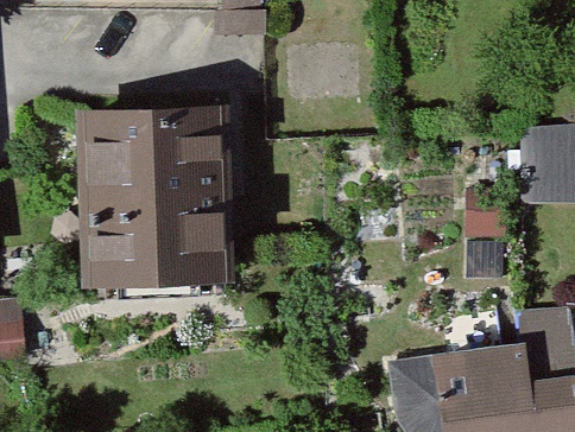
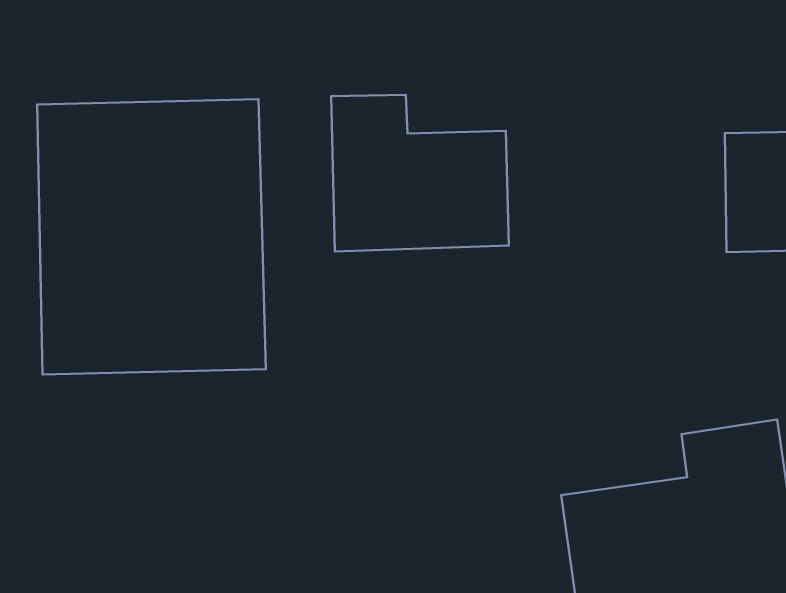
building: none -> [331,95,509,251]

